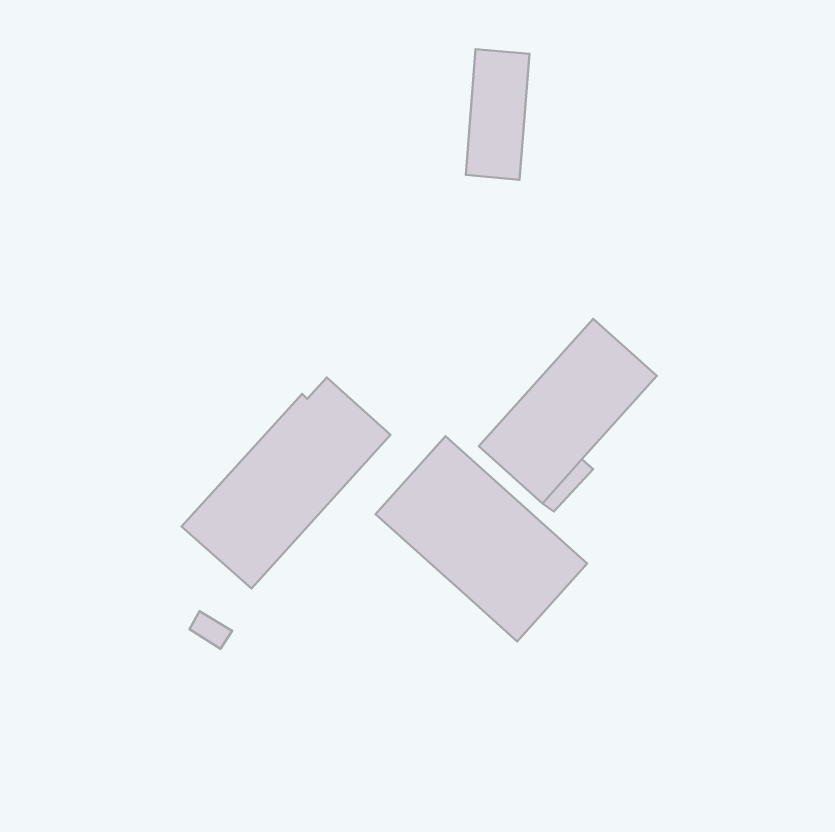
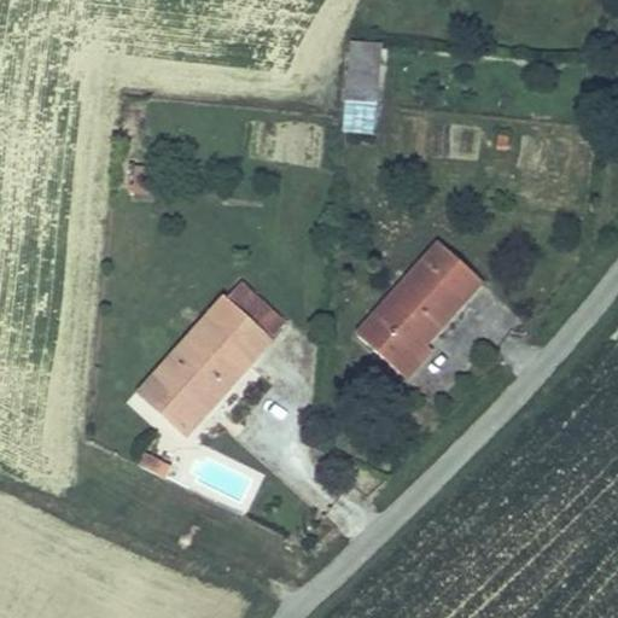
building: [375,436,587,641] -> none

